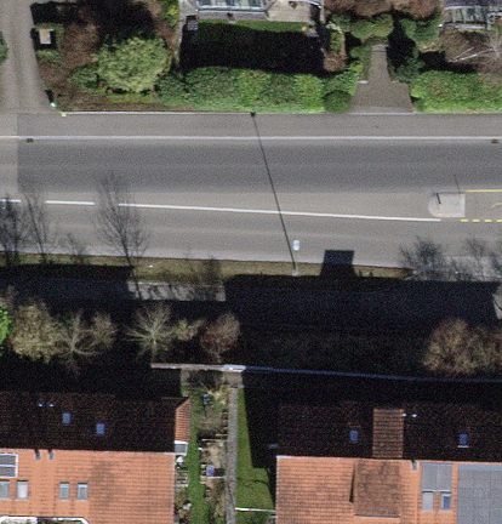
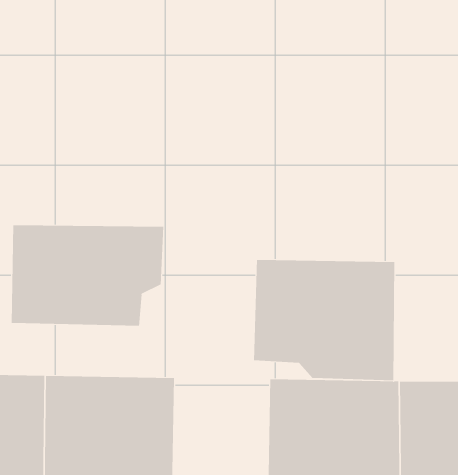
building: none -> [11,224,164,327]
building: none -> [254,259,395,381]

